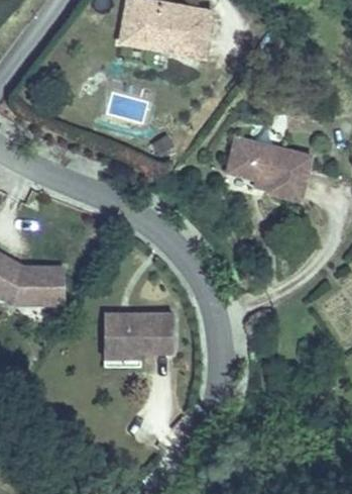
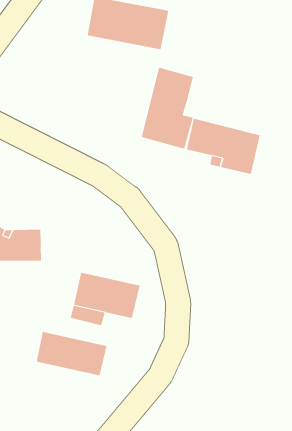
building: none -> [141,67,194,150]
building: none -> [36,331,107,376]

